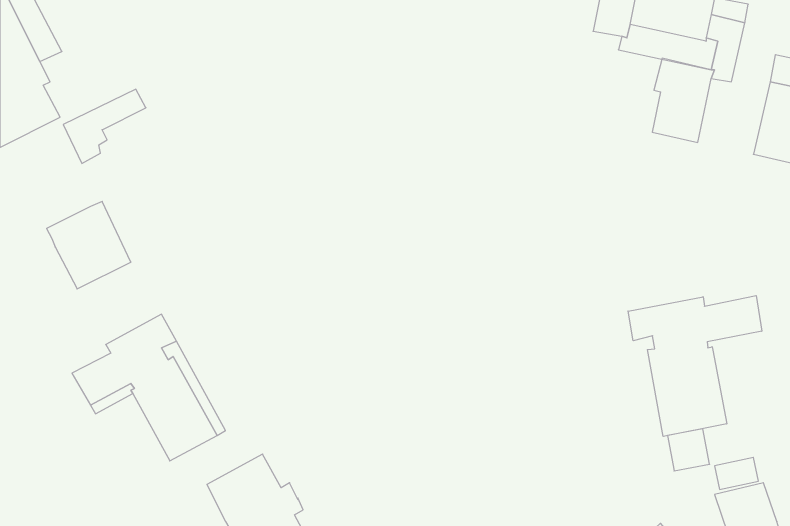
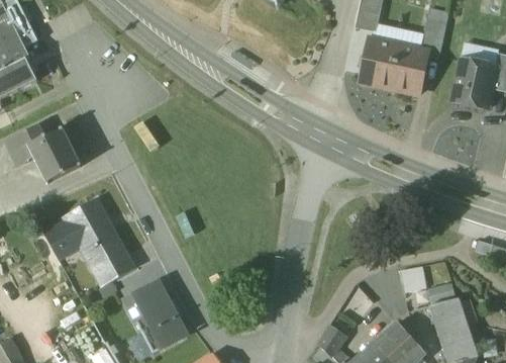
building: none -> [360,37,397,88]
building: [63,89,146,163] -> [5,121,55,166]
building: [628,296,762,436] -> none

